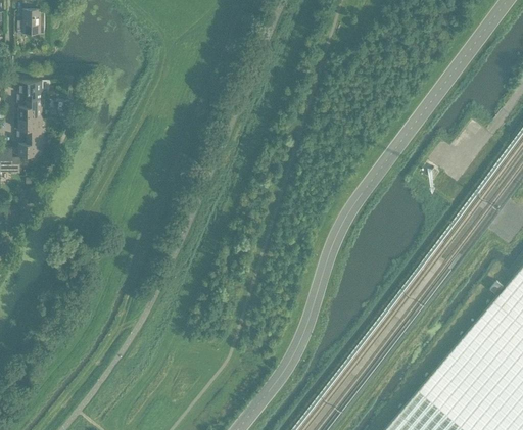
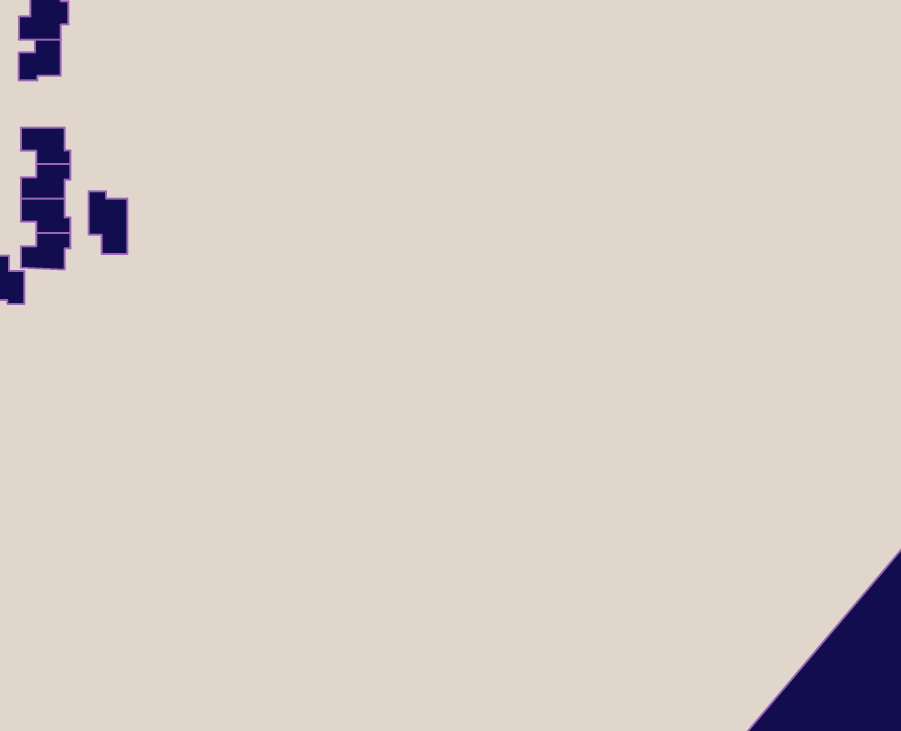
building: none -> [19,40,60,81]
building: none -> [89,191,127,254]

